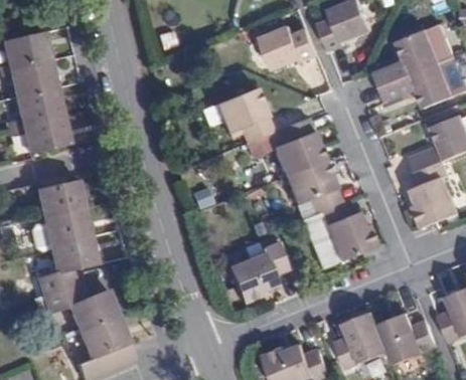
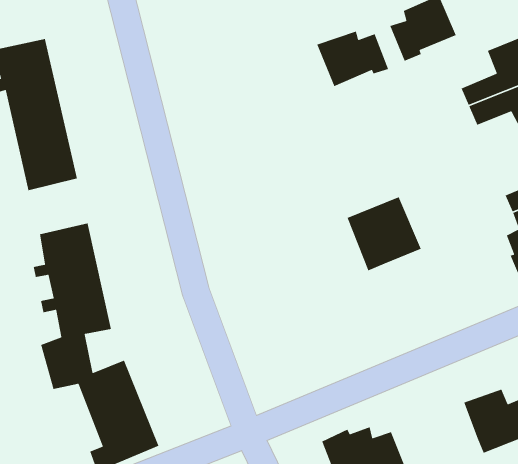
building: [205,88,275,142] -> none
building: [273,116,326,175] -> none
building: [315,200,377,261] -> none
building: [228,241,287,304] -> none
building: [335,310,389,368] -> none

